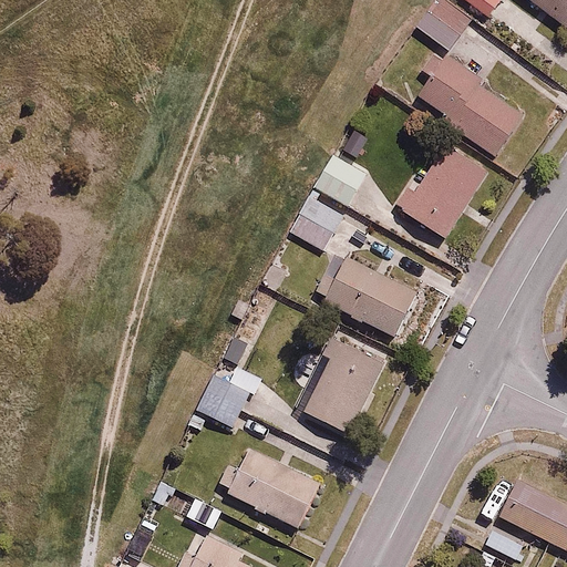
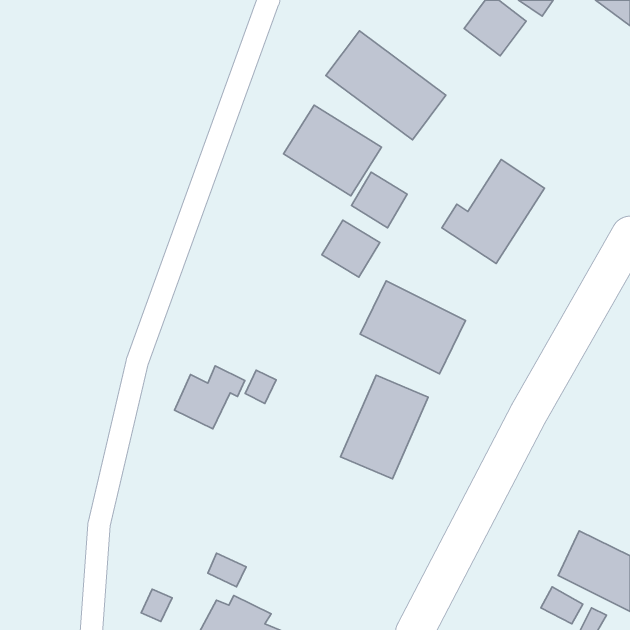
building: [416,56,524,154] -> [326,31,446,140]
building: none -> [283,105,381,196]
building: [198,369,261,425] -> [174,366,245,429]
building: [226,447,320,528] -> none

